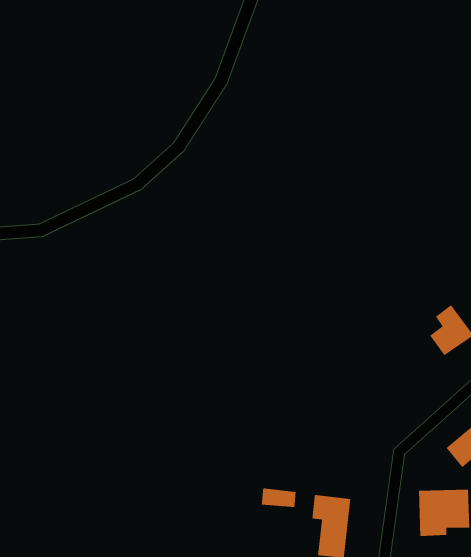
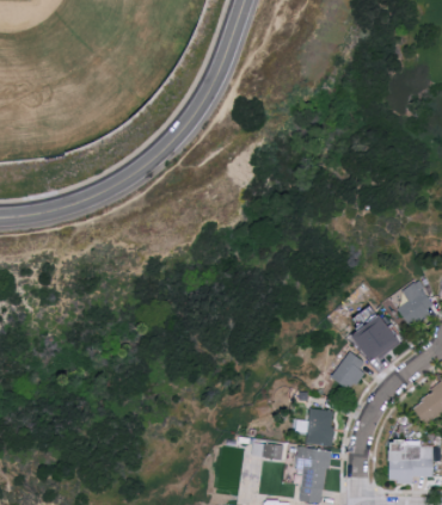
building: none -> [355,314,401,361]
building: none -> [332,350,368,389]
building: none -> [306,408,333,445]

